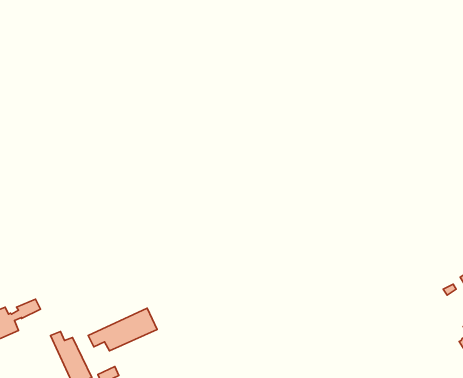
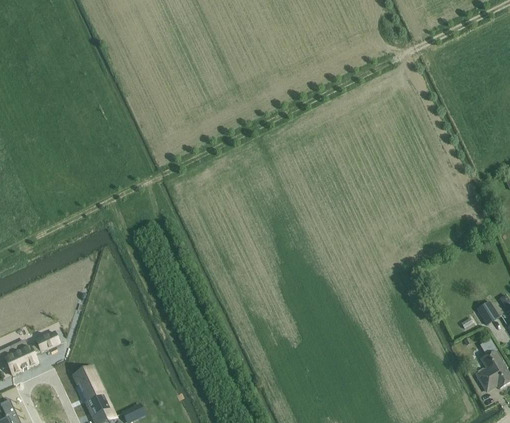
building: [88,308,157,351] -> none

